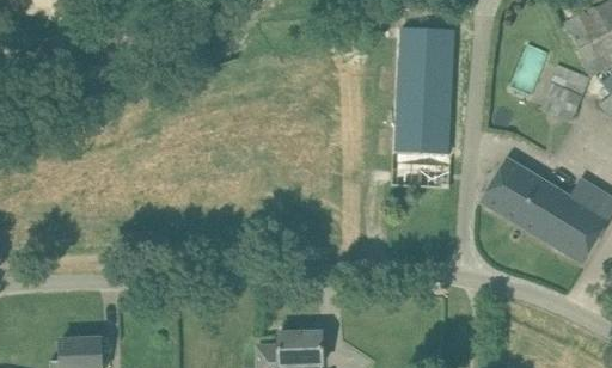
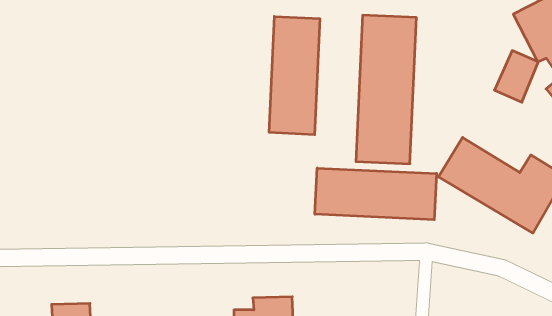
building: none -> [269,16,320,135]
building: none -> [315,168,437,220]

